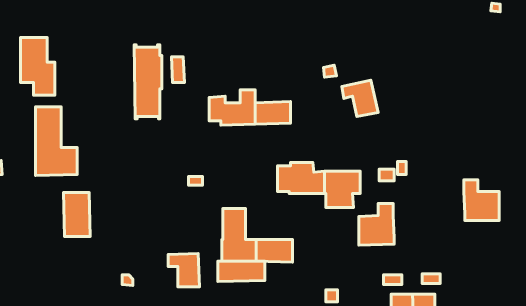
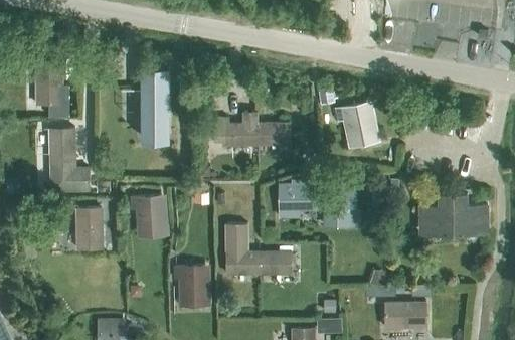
building: none -> [132,197,162,228]
building: [359,204,394,245] -> [420,197,454,236]
building: [218,261,265,282] -> none

